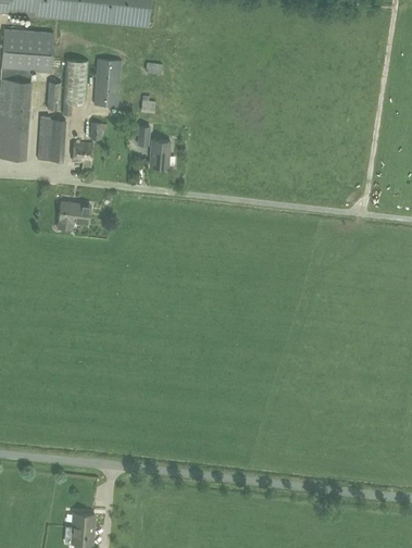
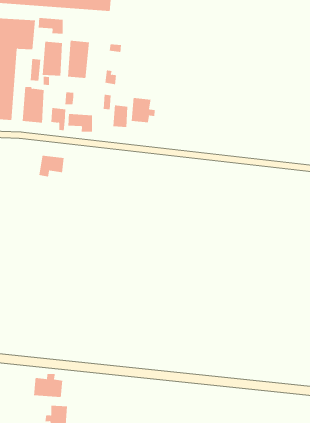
building: none -> [38,17,63,34]
building: none -> [131,97,155,123]
building: none -> [68,113,92,133]
building: none -> [33,373,63,398]

